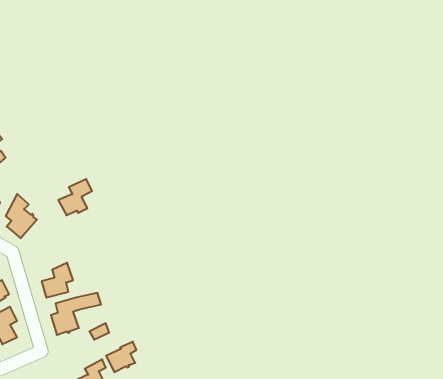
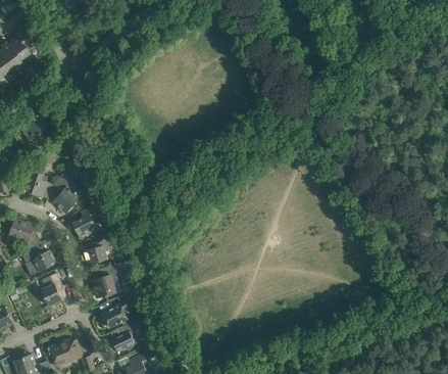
building: [58,179,92,215] -> [71,204,101,236]
building: [106,342,136,372] -> [101,300,128,327]

